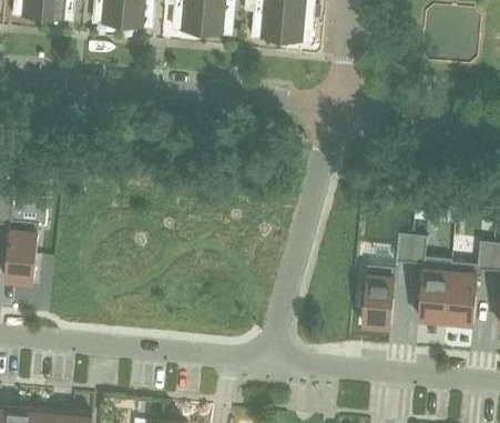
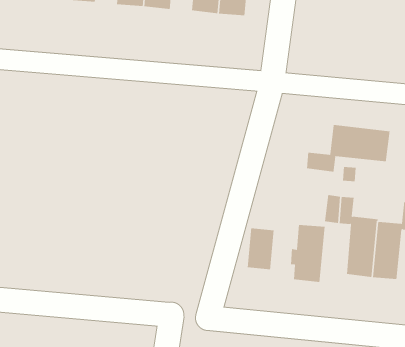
building: none -> [307,124,390,173]
building: none -> [247,227,274,270]

